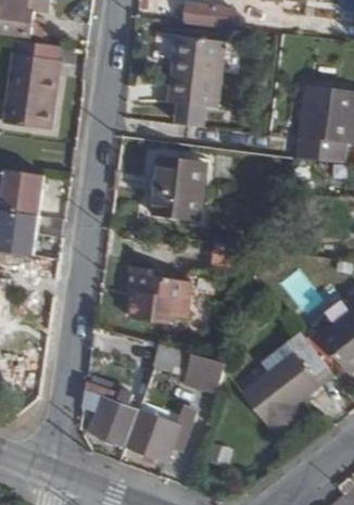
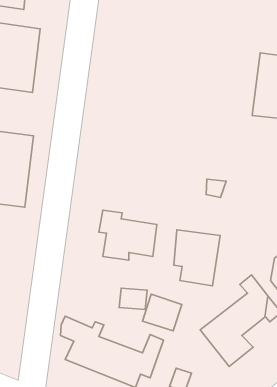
building: [167,34,226,123] -> none
building: [148,154,206,215] -> none
building: none -> [174,230,220,286]

